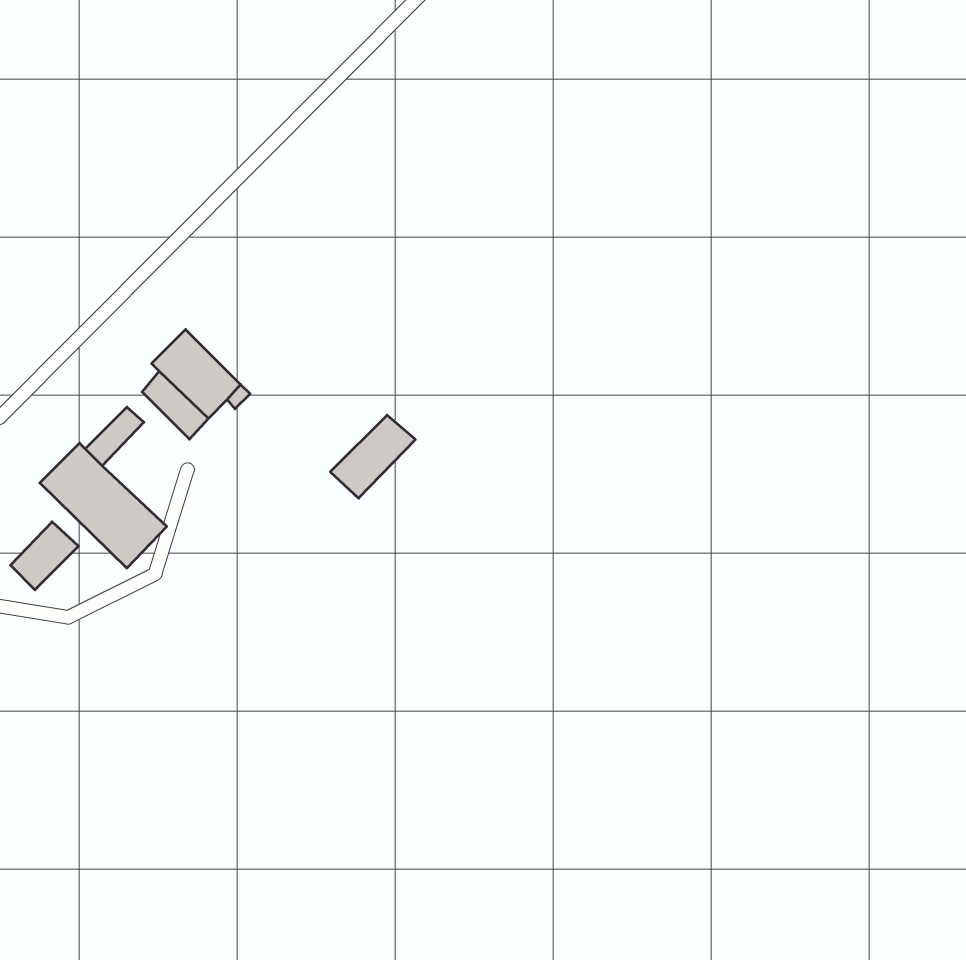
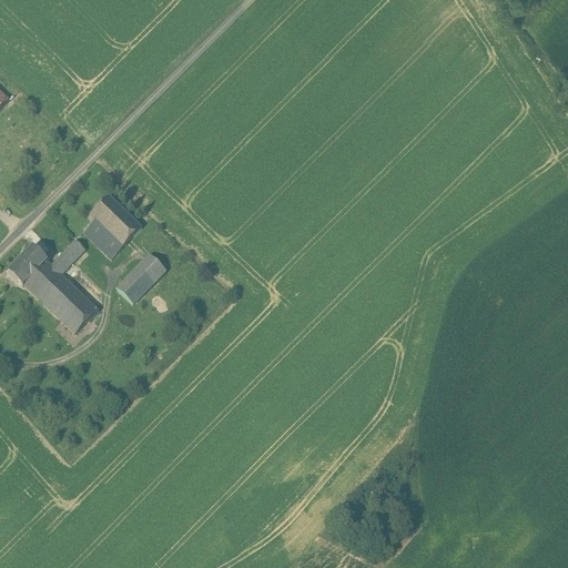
building: [330,415,415,498] -> [115,253,165,302]
building: [10,522,79,590] -> [8,244,48,284]

